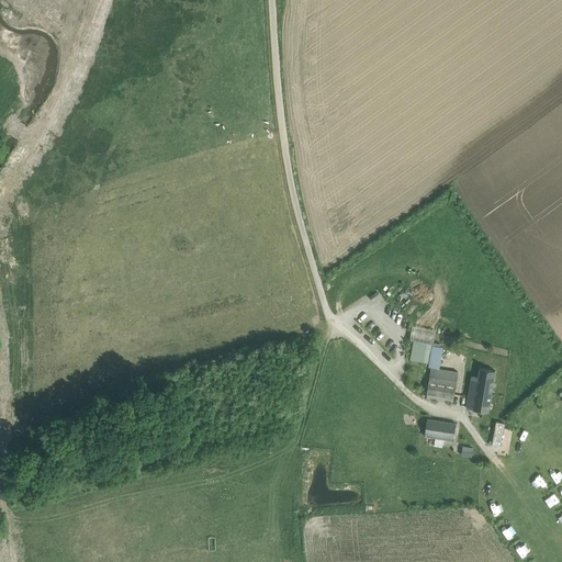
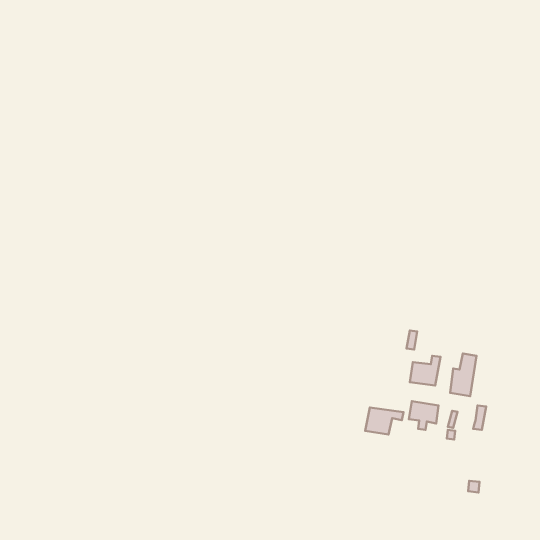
building: none -> [365,408,403,435]

